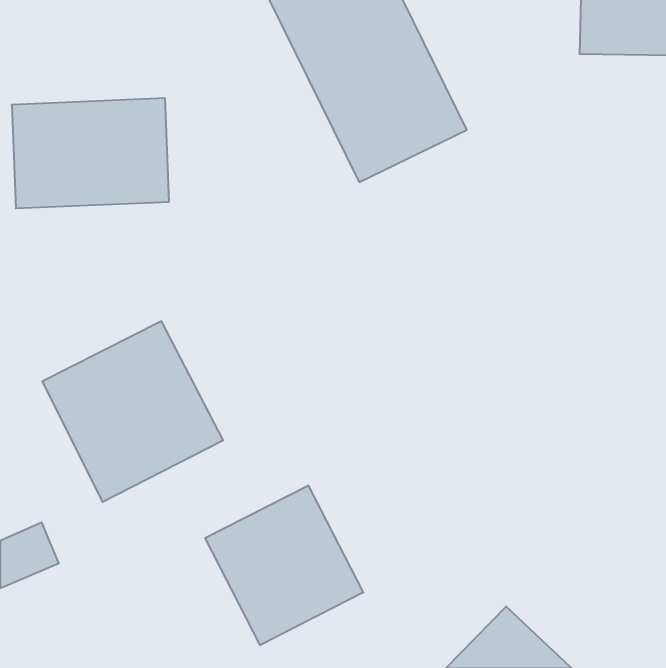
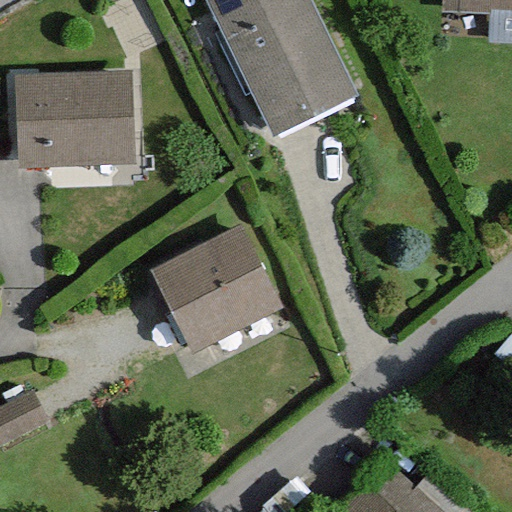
building: [42,321,223,502] -> [145,218,283,356]
building: [205,485,363,645] -> none

